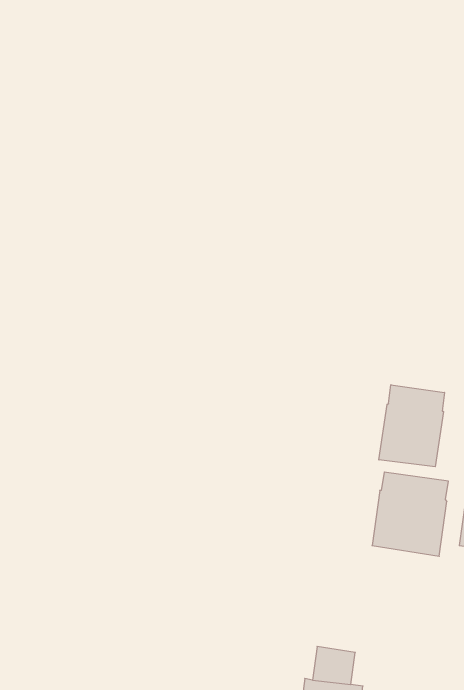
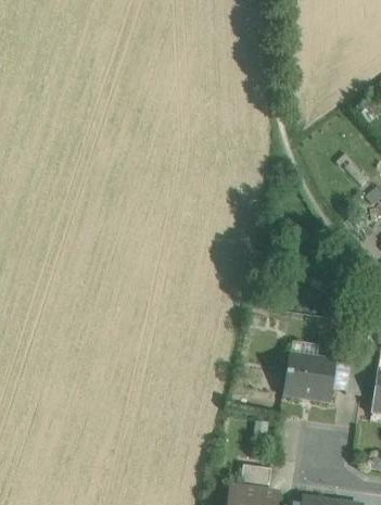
building: [379,385,444,467] -> none

